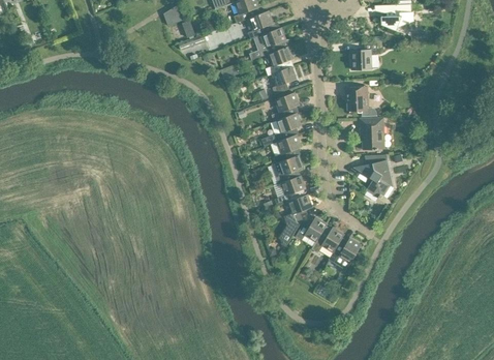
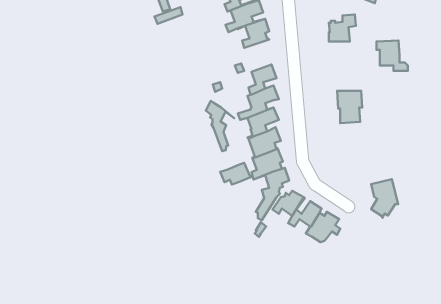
building: [268,66,297,93] -> none
building: [345,85,376,115] -> [377,41,408,71]
building: none -> [206,101,234,151]
building: [367,159,394,198] -> [371,179,398,218]
building: none -> [220,163,253,185]

